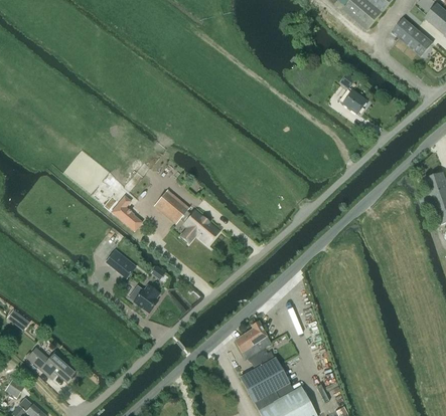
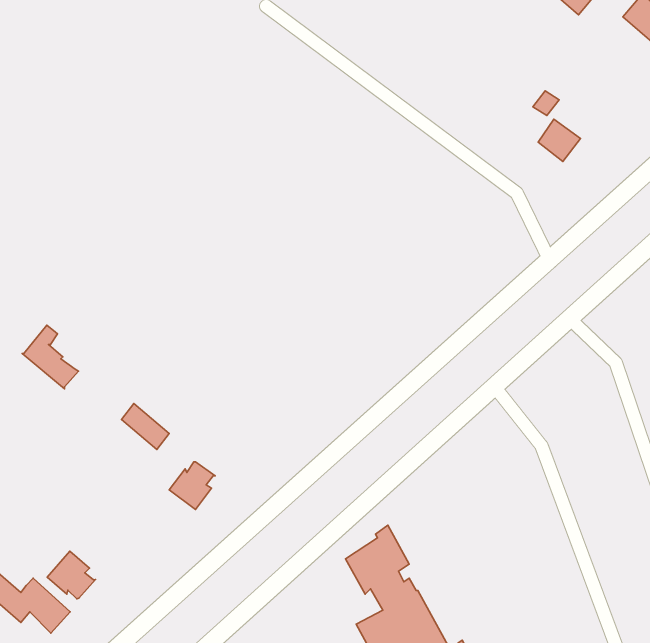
building: [154,189,218,244] -> none
building: [110,195,142,231] -> [22,325,79,389]
building: none -> [47,551,95,599]

